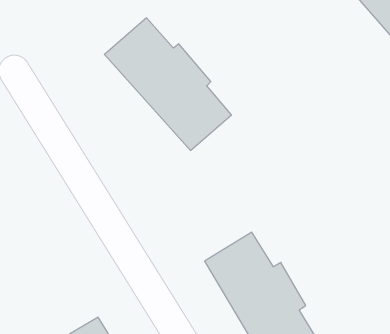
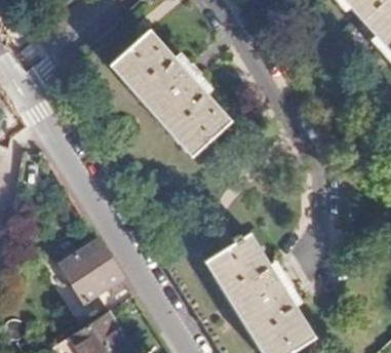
building: none -> [56,238,133,312]

